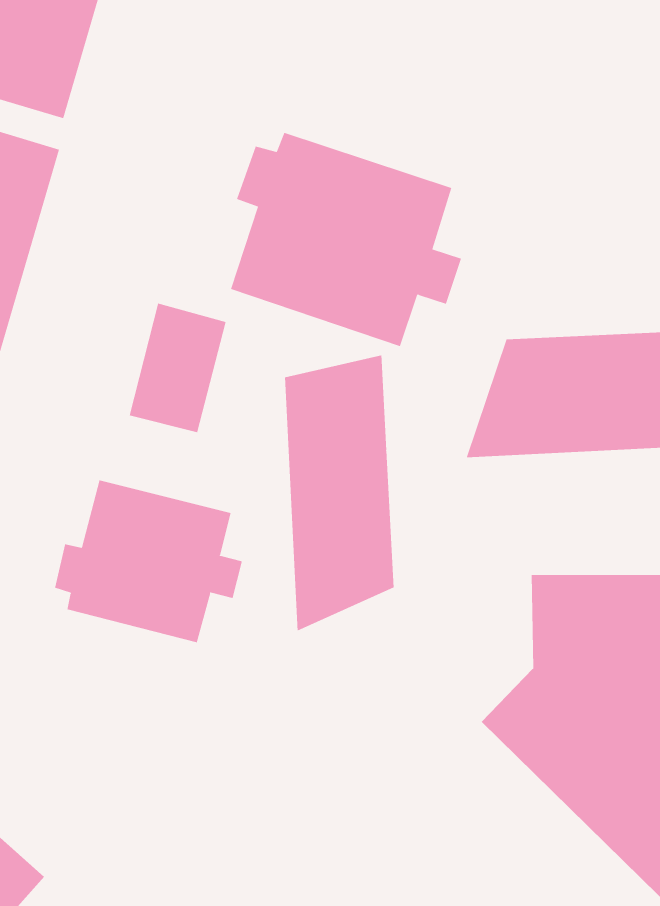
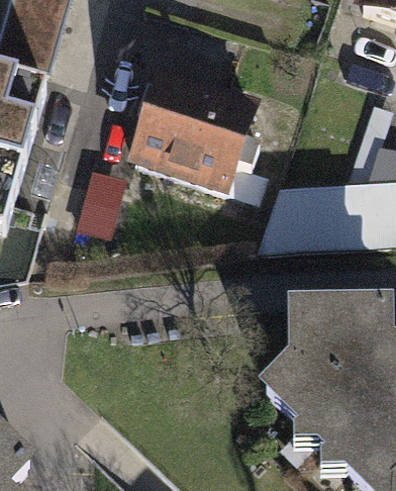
building: [284,354,394,631] -> none
building: [54,479,243,643] -> none

